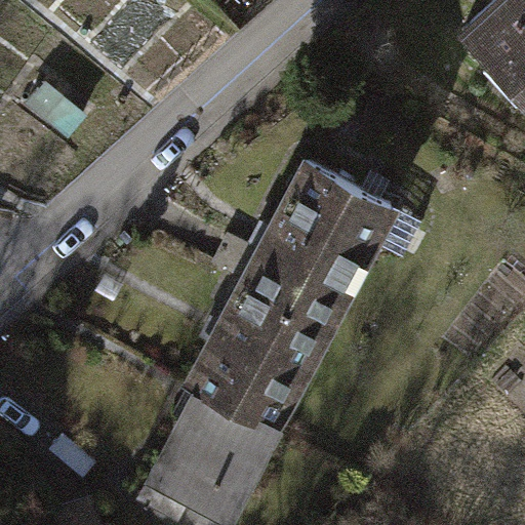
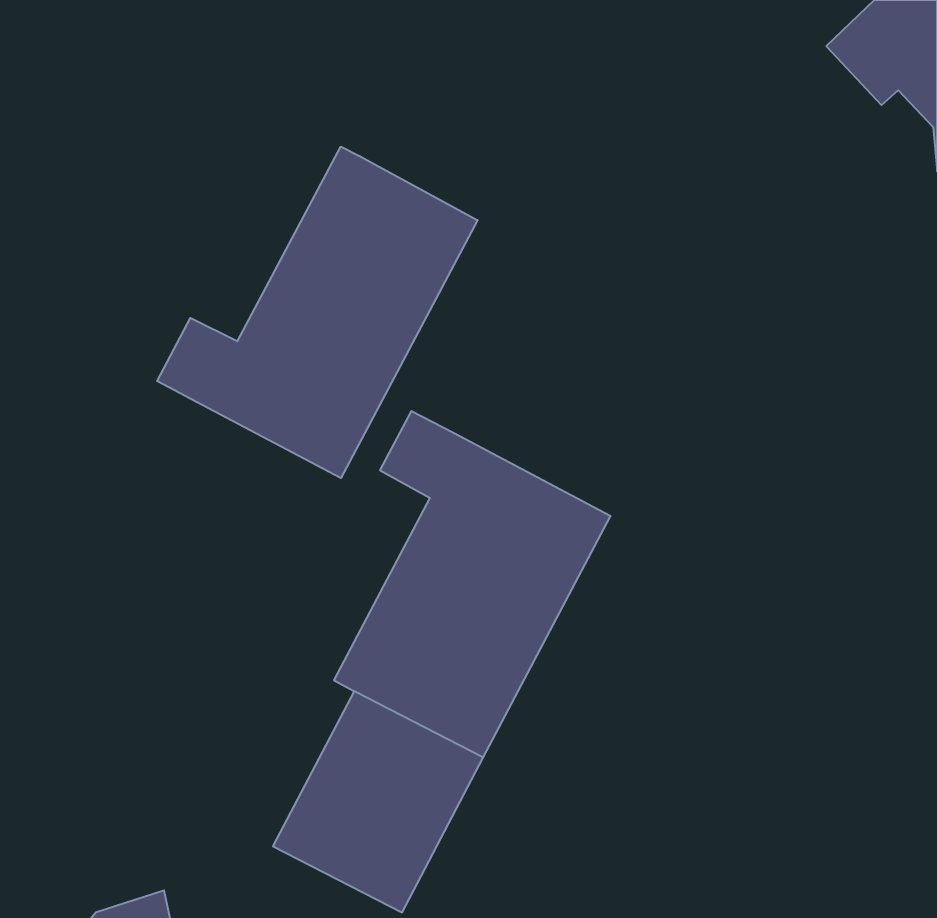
building: none -> [157,147,478,478]
building: [252,171,383,300] -> none

